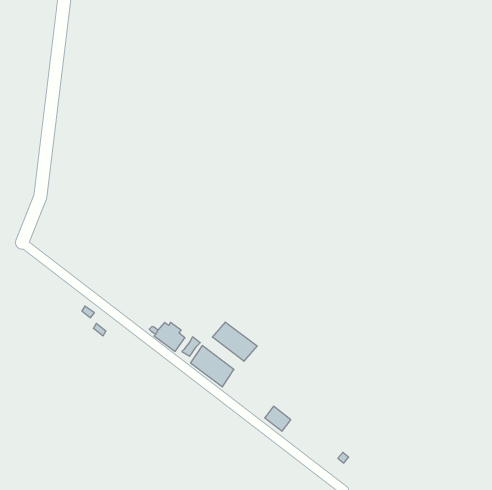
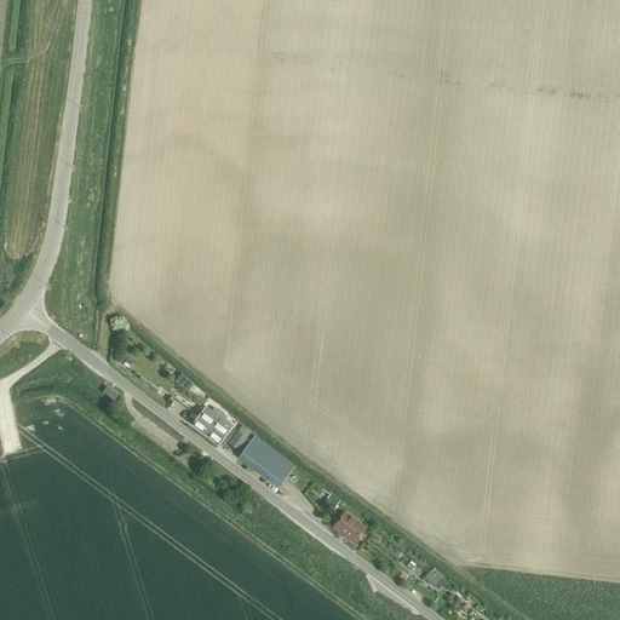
building: [212,322,257,361] -> none

